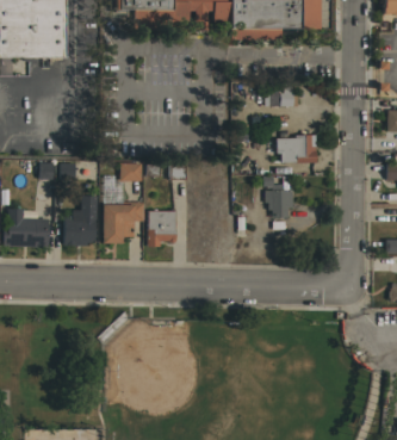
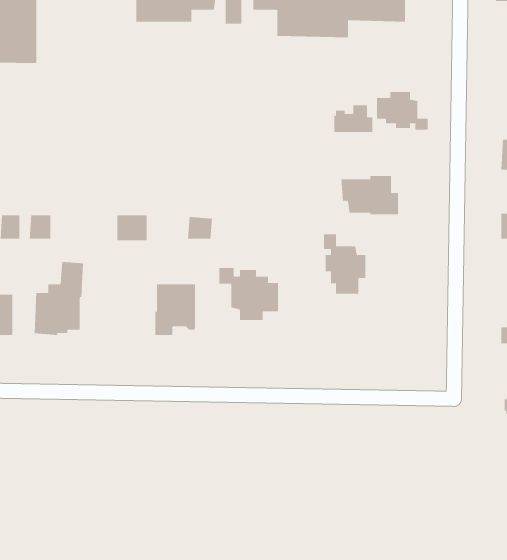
building: none -> [376,91,428,130]
building: none -> [219,267,279,321]
building: [104,203,145,243] -> none

